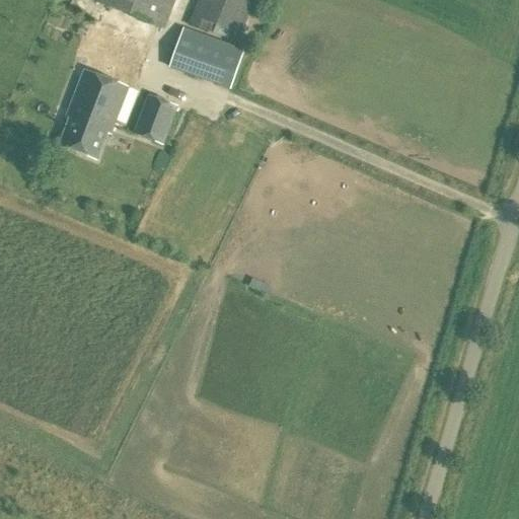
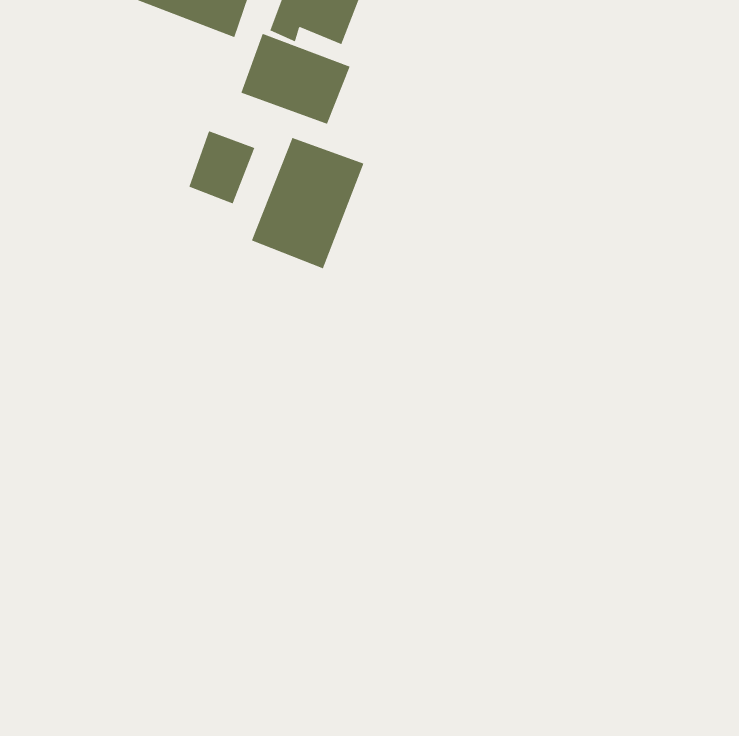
building: [59,68,129,156] -> none
building: none -> [251,137,364,269]

